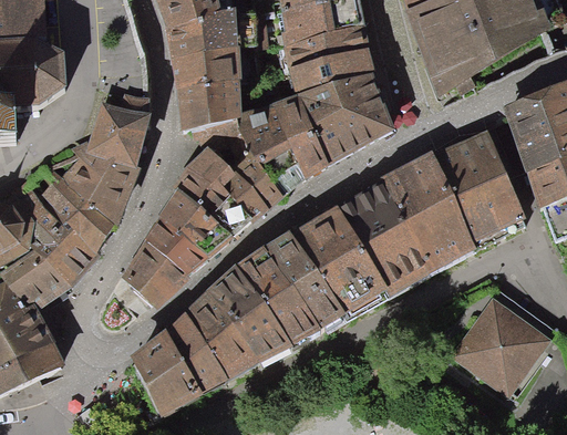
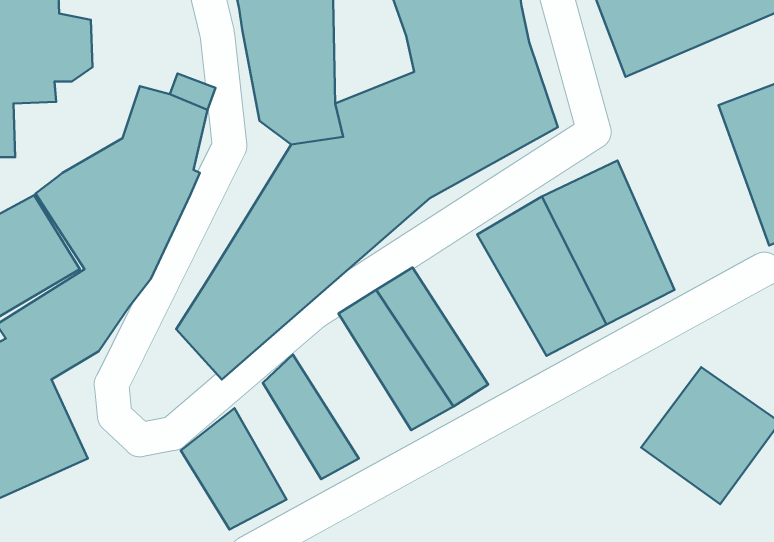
building: [436,131,525,245] -> none
building: [292,206,386,311] -> none
building: [208,261,291,363] -> none
building: [167,310,228,392] -> none

